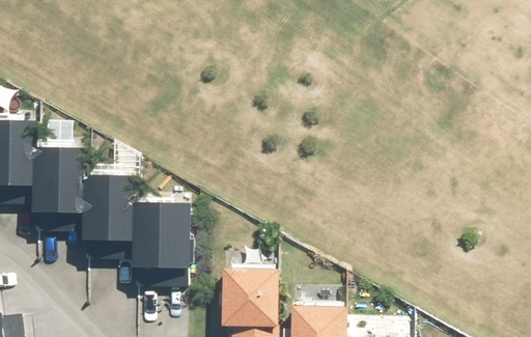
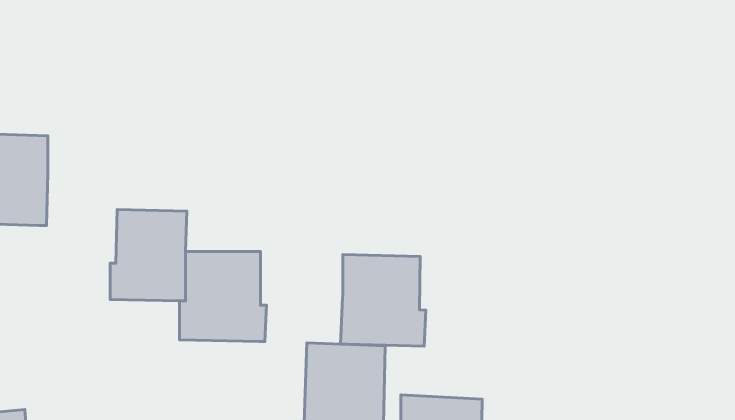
building: [30,147,86,212] -> none
building: none -> [340,255,426,346]

